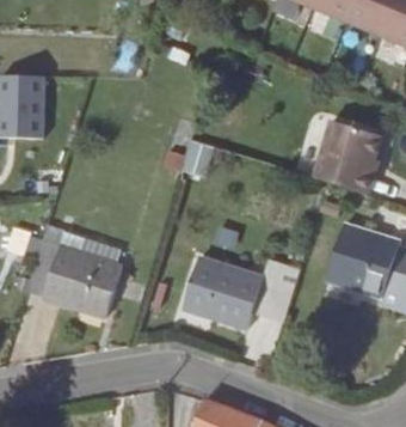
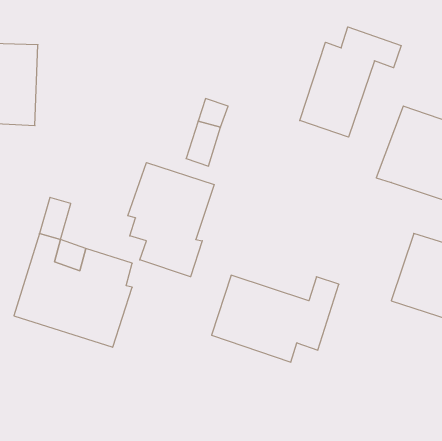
building: none -> [300,27,401,137]
building: none -> [128,163,214,277]

